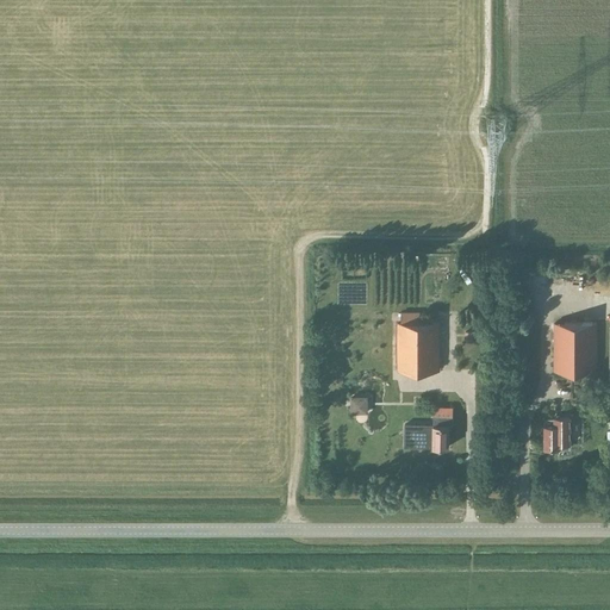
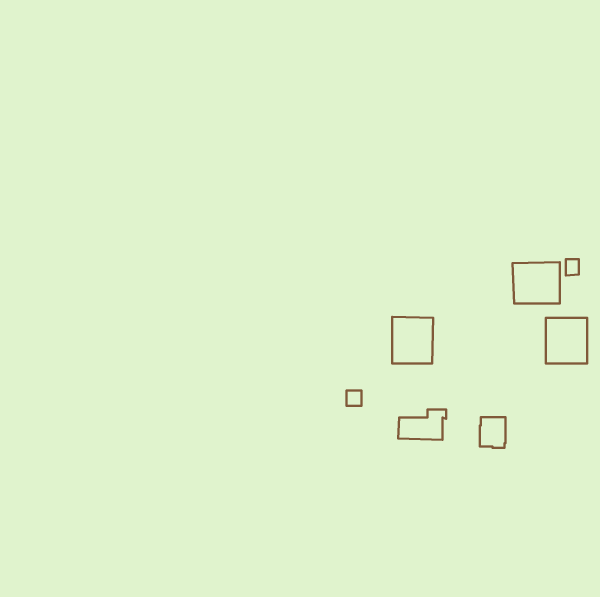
building: none -> [513,262,560,303]
building: [544,419,571,450] -> [480,417,506,448]

